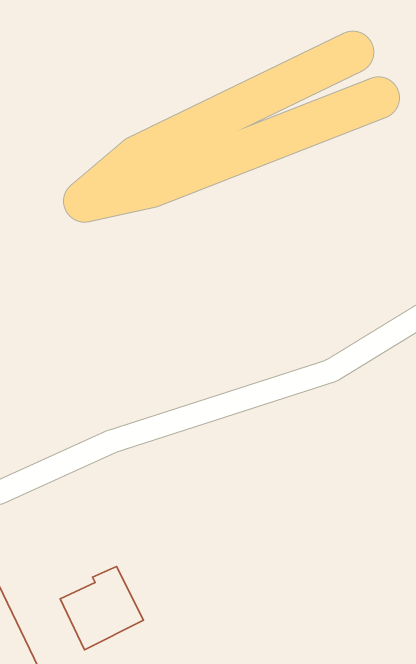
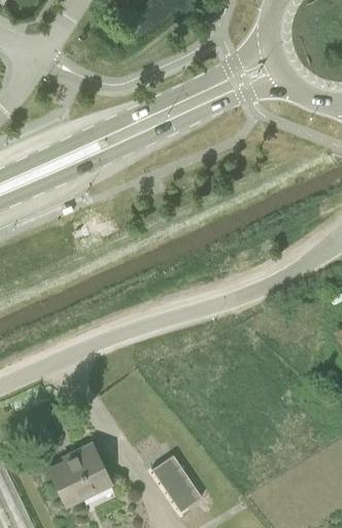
building: none -> [151,456,202,513]

